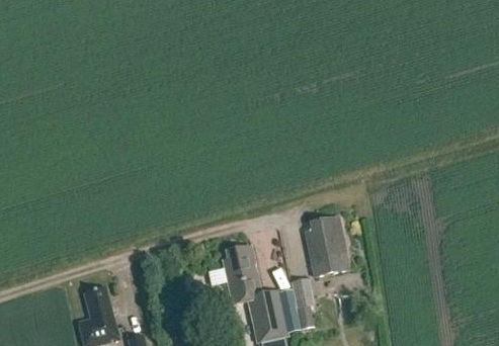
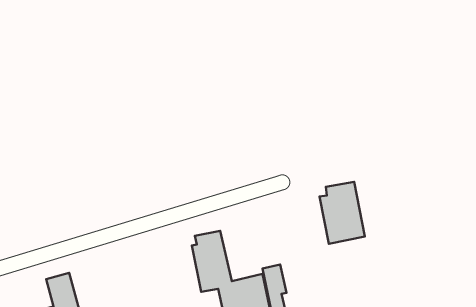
building: [305,217,348,276] -> [319,182,365,244]

